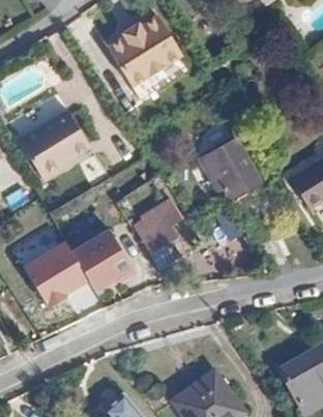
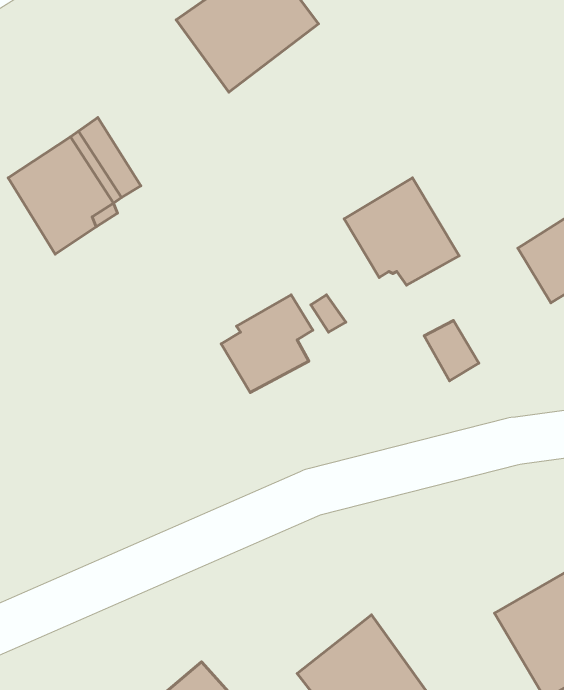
building: [32,220,143,308] -> none

